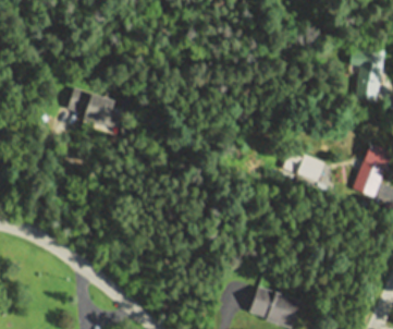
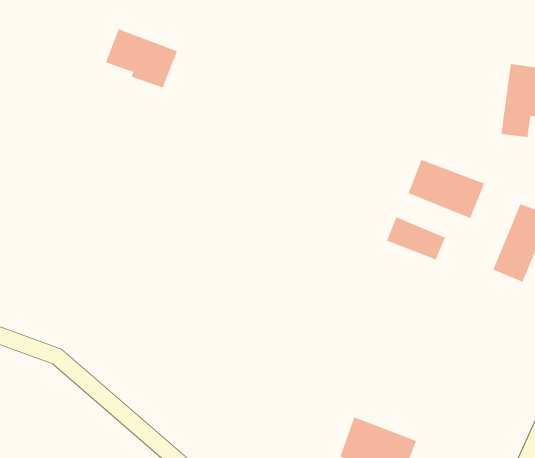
building: [66,85,115,125] -> [105,29,178,88]
building: none -> [408,159,485,219]

